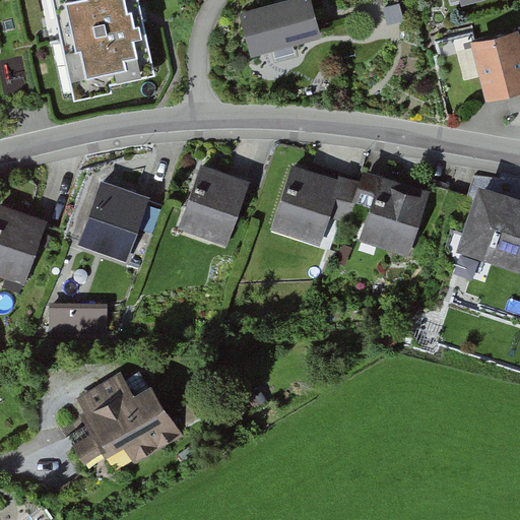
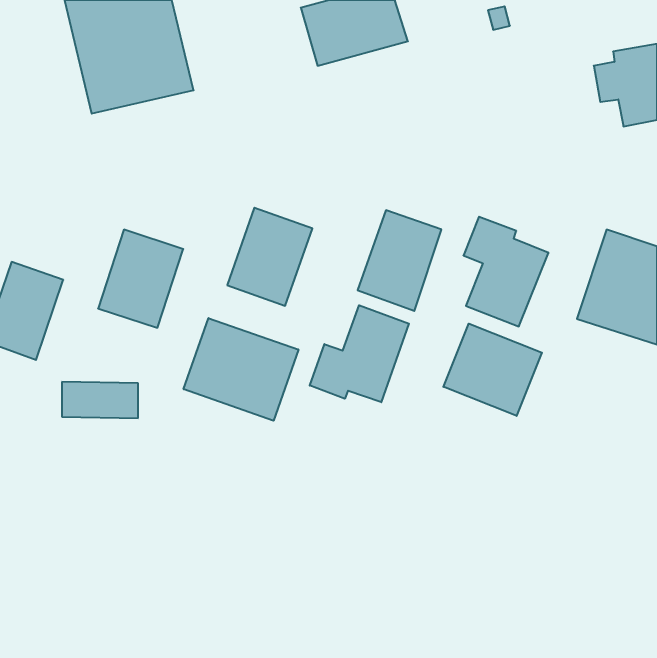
building: none -> [310,305,409,402]
building: none -> [184,318,298,421]
building: none -> [443,324,542,416]
building: [71,371,184,465] -> none

